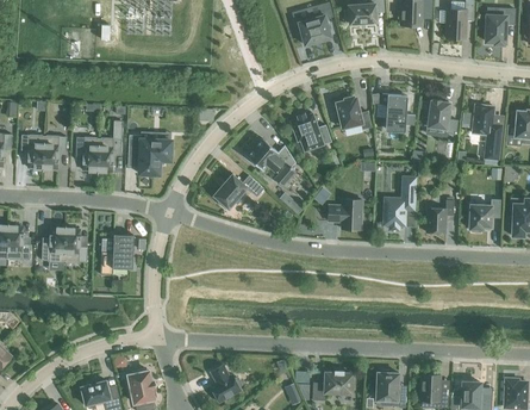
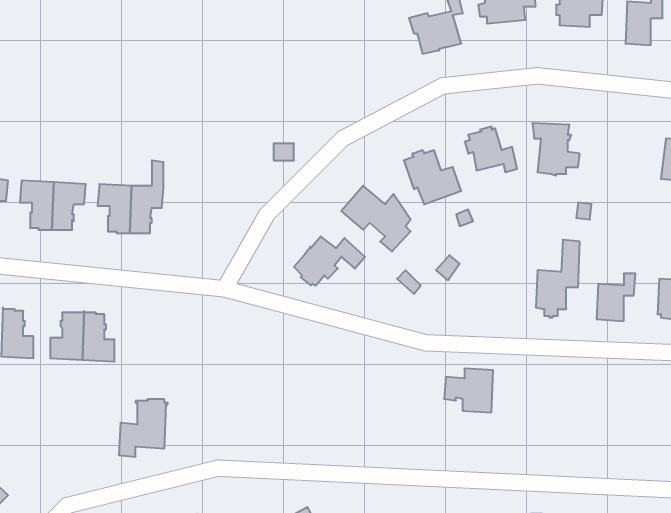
building: [428,99,457,135] -> none
building: [127,135,172,174] -> none
building: [328,199,362,230] -> [444,368,493,412]
building: [100,235,135,275] -> [119,399,168,457]

